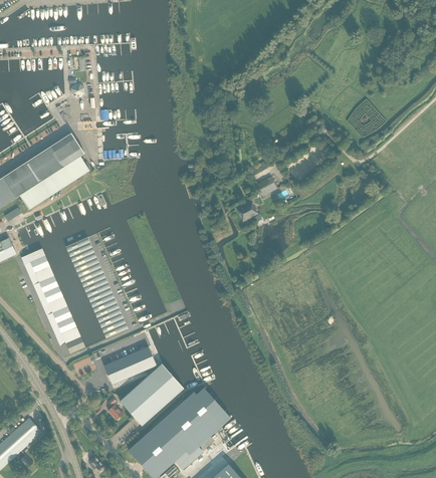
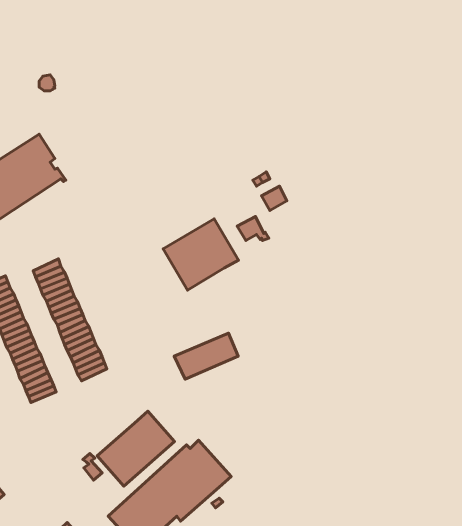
building: none -> [163,219,238,290]
building: [102,346,156,385] -> [174,333,238,379]

